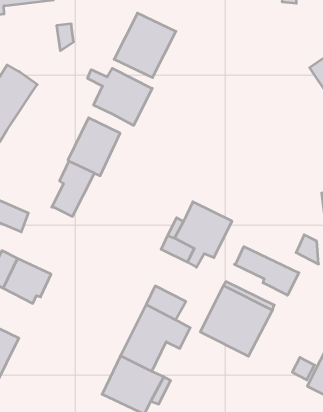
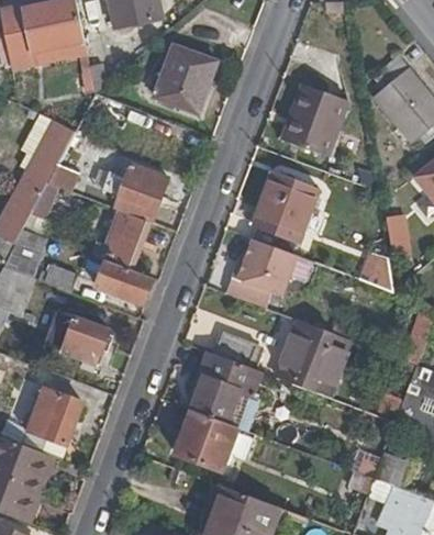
building: none -> [279,85,348,158]
building: [88,68,152,125] -> none
building: none -> [254,175,318,243]
building: none -> [94,260,155,304]
building: [234,247,299,295] -> none

